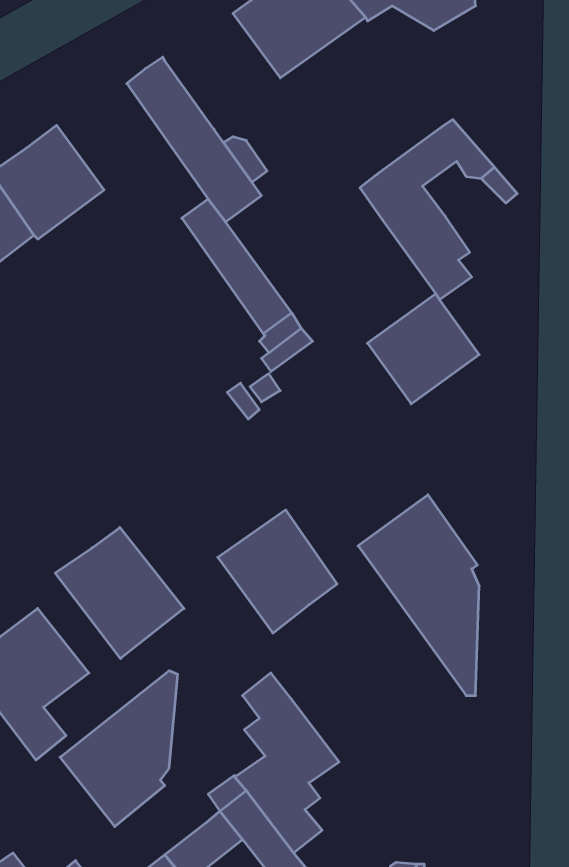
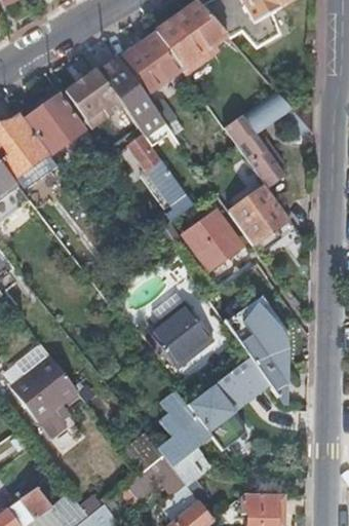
building: none -> [118,34,182,97]
building: none -> [65,70,122,128]
building: none -> [185,212,239,267]
building: [55,527,184,659] -> none
building: none -> [187,359,268,451]
building: [60,671,177,827] -> none

